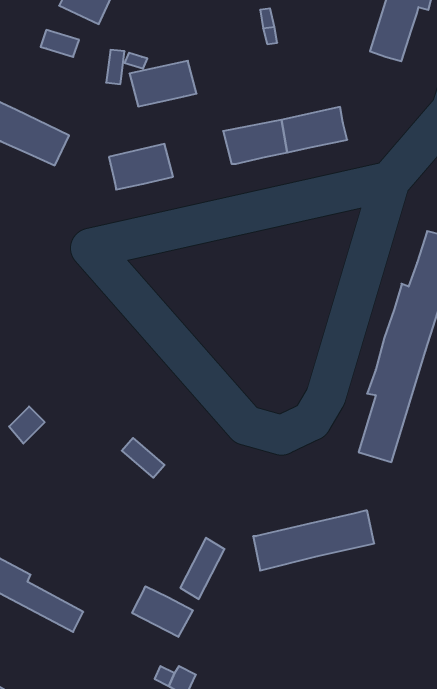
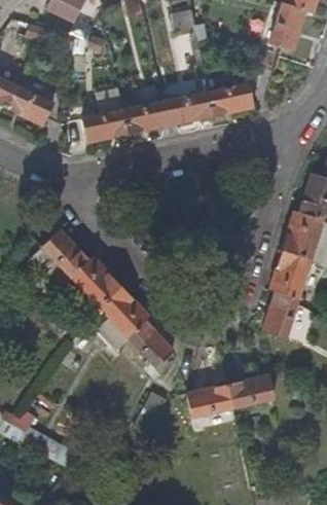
building: [129,61,197,106] -> [122,100,171,133]
building: none -> [31,229,174,366]
building: [132,586,193,637] -> none

